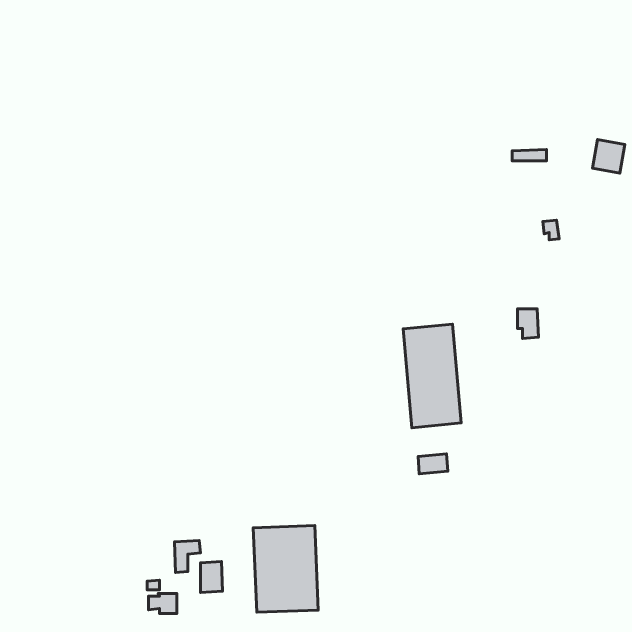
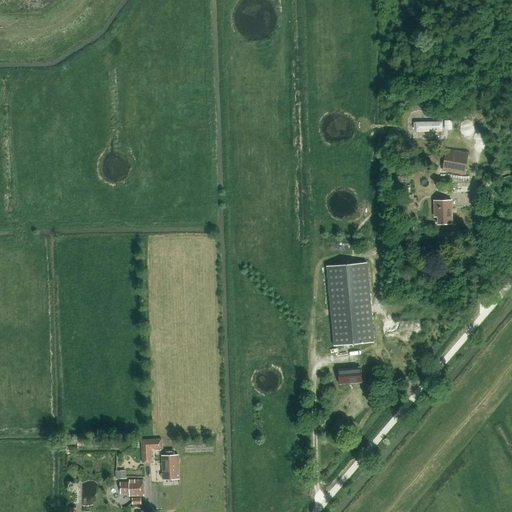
building: [593,140,625,173] -> [442,148,468,175]
building: [517,309,538,338] -> [435,200,452,224]
building: [253,526,318,612] -> none

